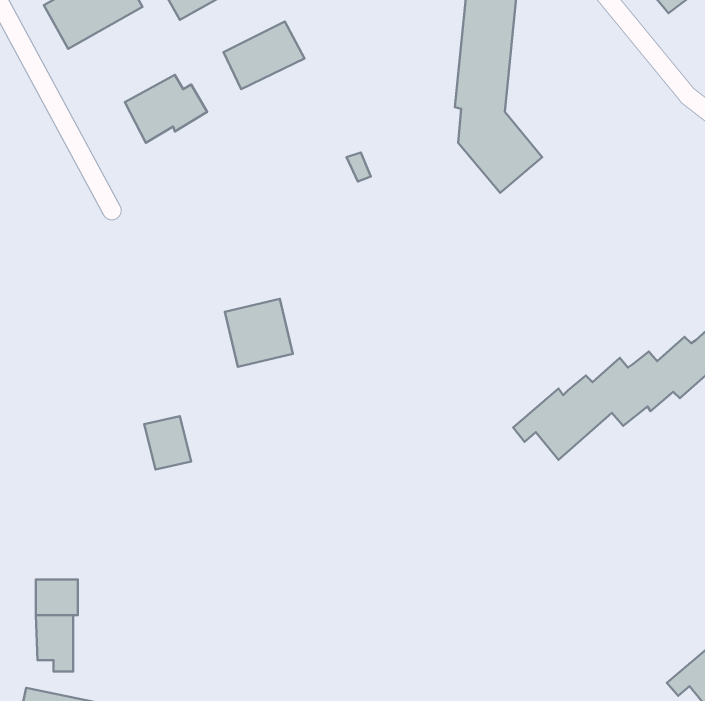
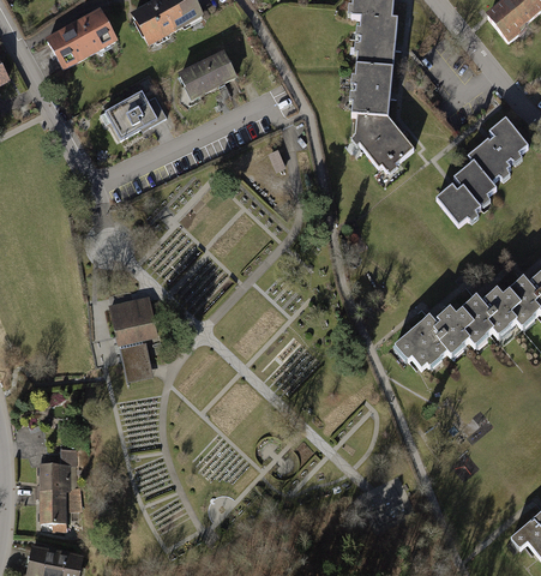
building: none -> [438,116,529,228]
building: [225,299,293,367] -> [109,293,160,343]

